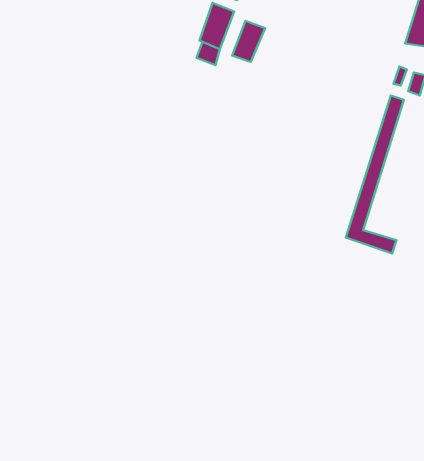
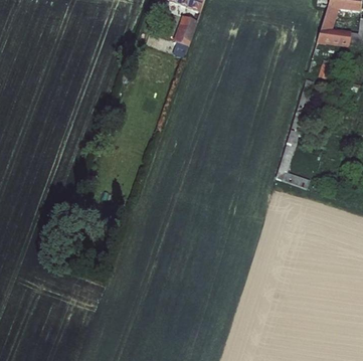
building: [232,21,265,62] -> none

